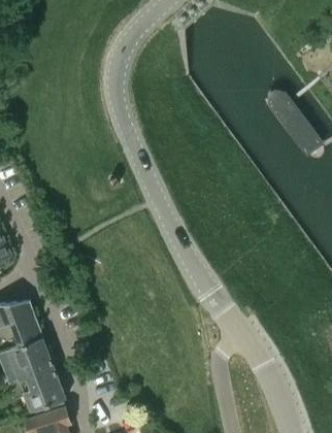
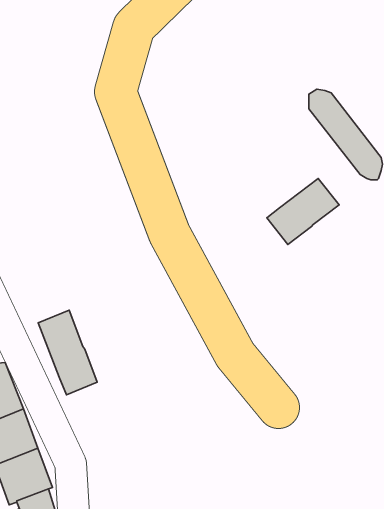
building: none -> [267,178,339,244]
building: none -> [38,310,97,395]

